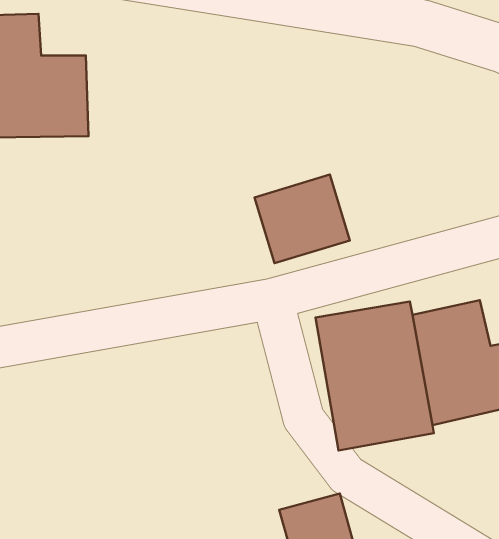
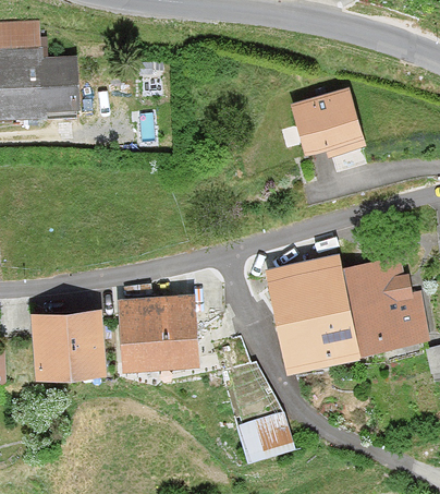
building: [254,175,350,263] -> [290,91,367,162]
building: none -> [113,294,199,372]
building: none -> [28,310,106,381]

